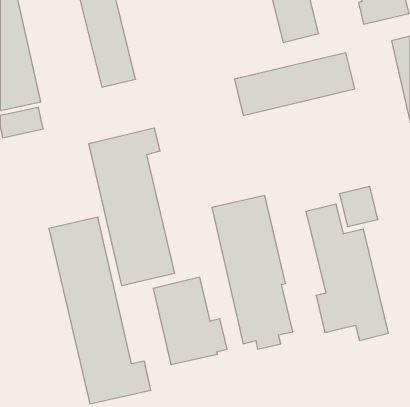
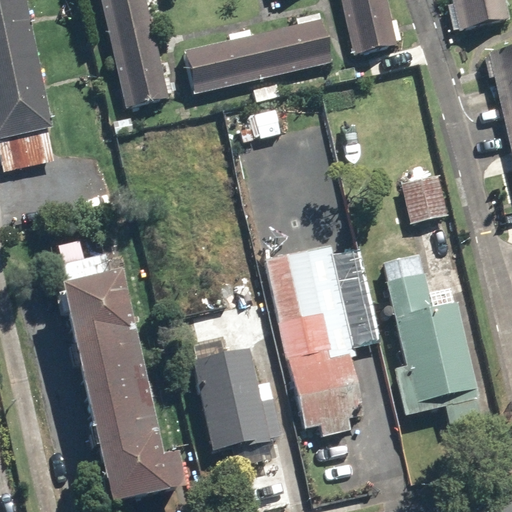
building: [234,53,355,115] -> [185,16,335,94]
building: [89,128,174,286] -> none
building: [339,187,378,227] -> [400,174,448,224]

